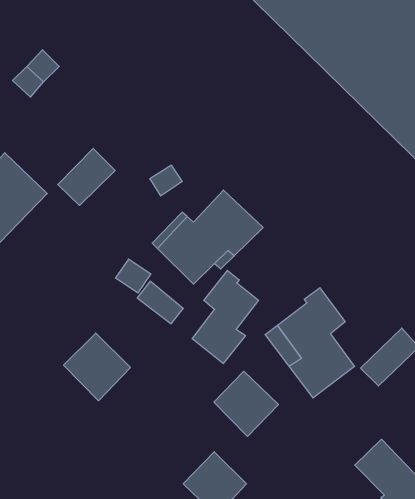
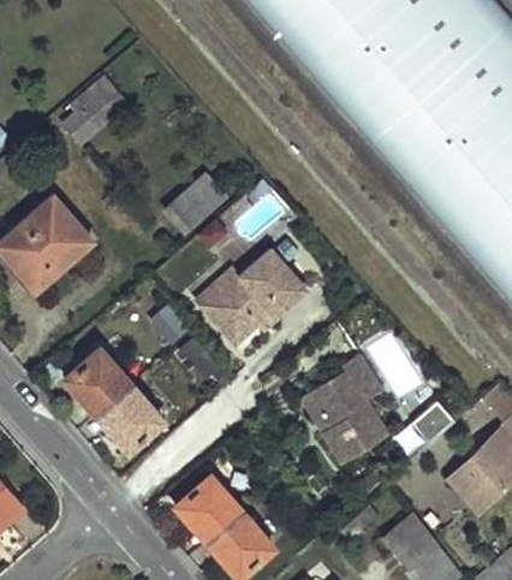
building: [58,148,115,205] -> [163,175,222,232]
building: [192,270,258,364] -> none
building: none -> [65,347,130,412]
building: [214,371,278,436] -> [175,474,240,540]

